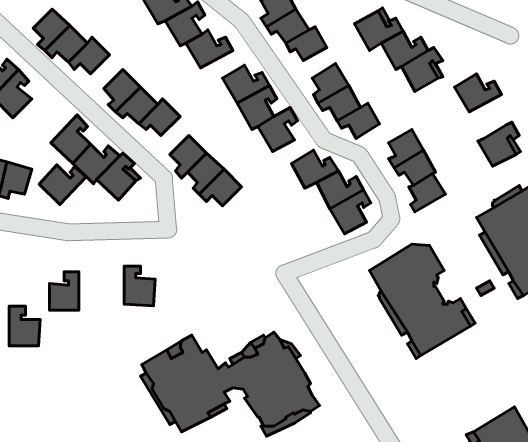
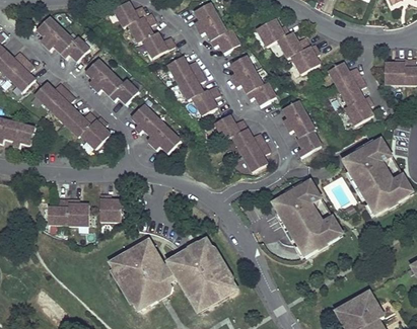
building: none -> [338,76,365,106]
building: [39,165,86,205] -> [34,82,67,109]
building: [9,306,40,346] -> [68,198,89,226]

